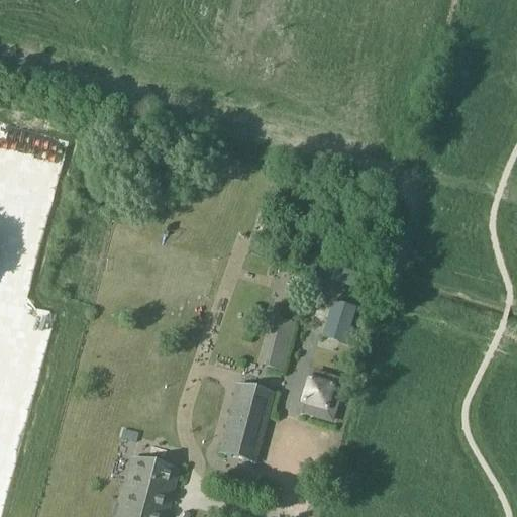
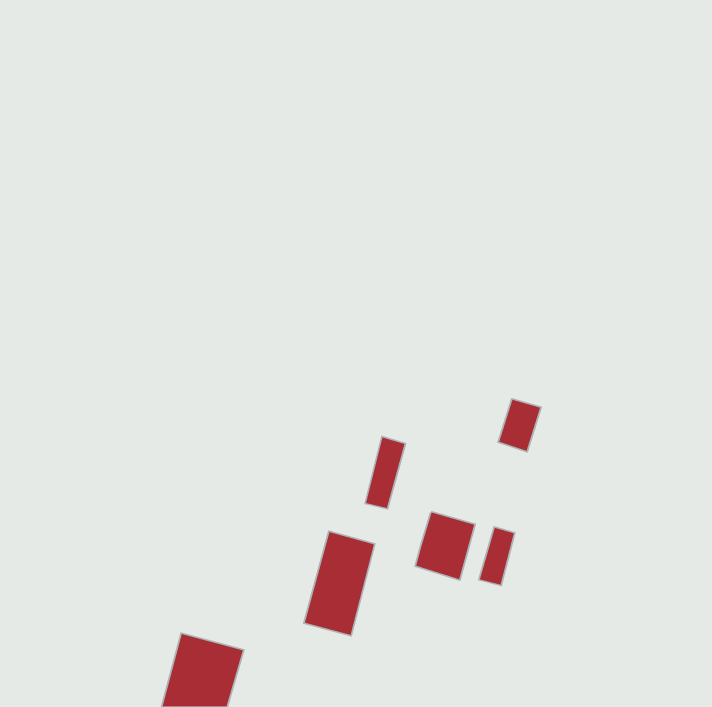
building: [325,299,356,337] -> [498,399,541,452]
building: none -> [479,527,515,585]

